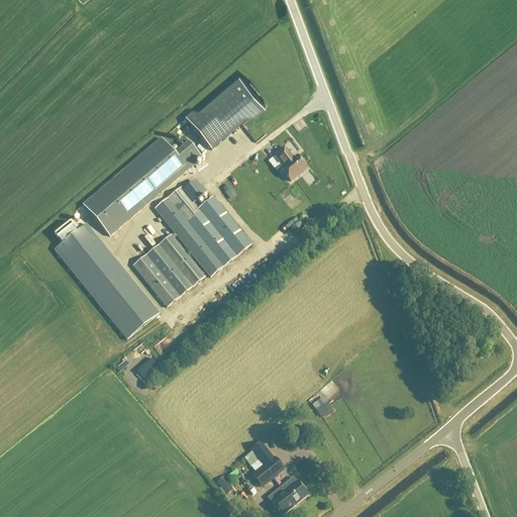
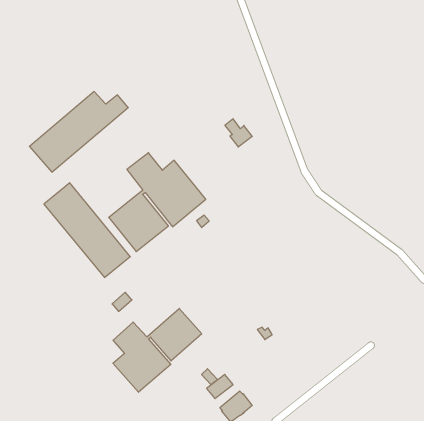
building: [185,72,265,147] -> none
building: [82,136,202,234] -> [29,92,128,172]
building: none -> [113,308,202,392]

